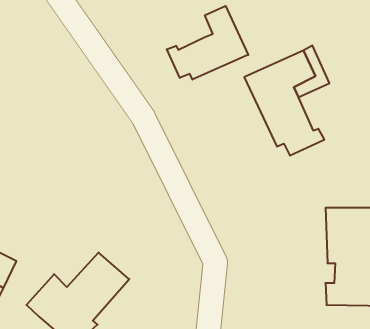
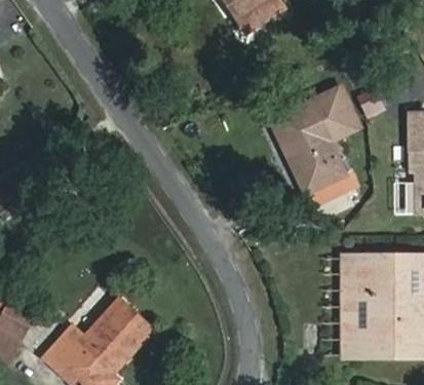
building: [167,6,248,80] -> none
building: none -> [340,255,364,355]

